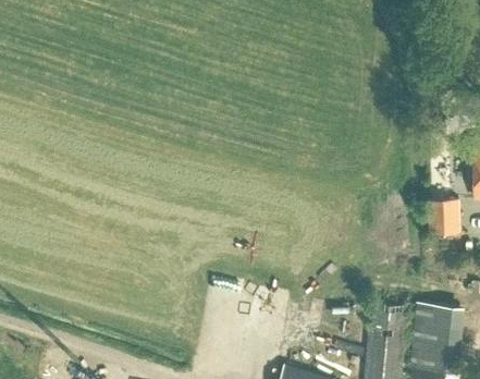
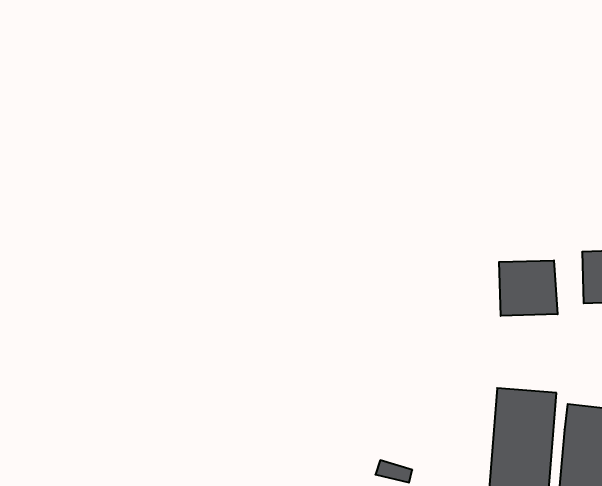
building: none -> [499,260,558,316]

